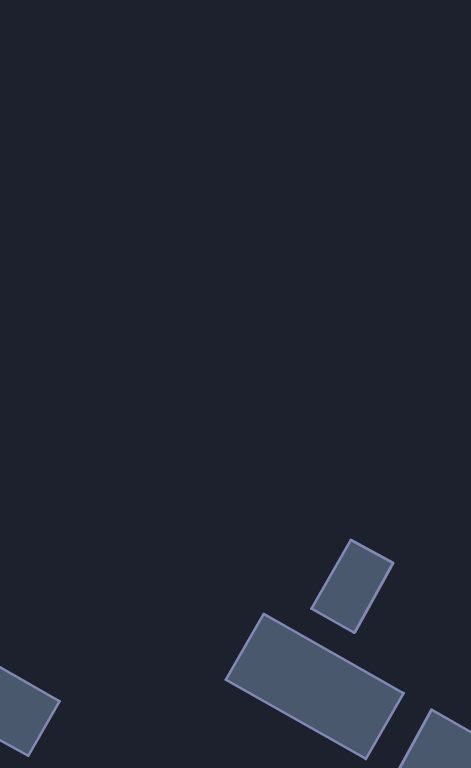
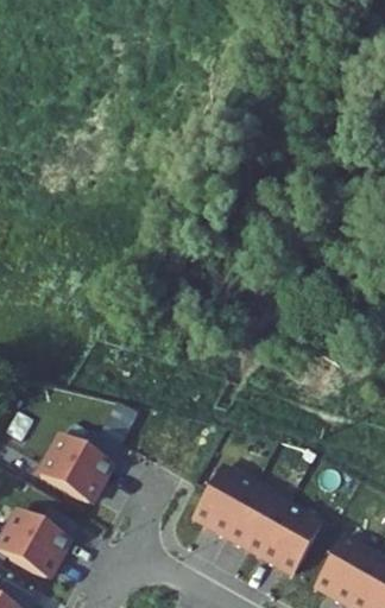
building: [311,540,393,633] -> none
building: none -> [44,431,115,499]

